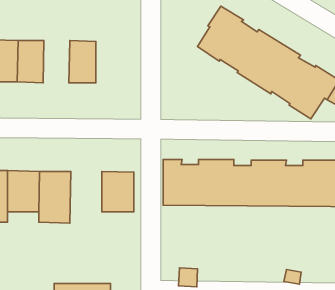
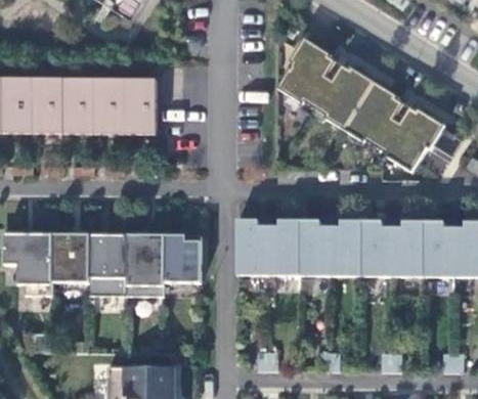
building: none -> [93,79,125,129]
building: none -> [125,234,163,296]

